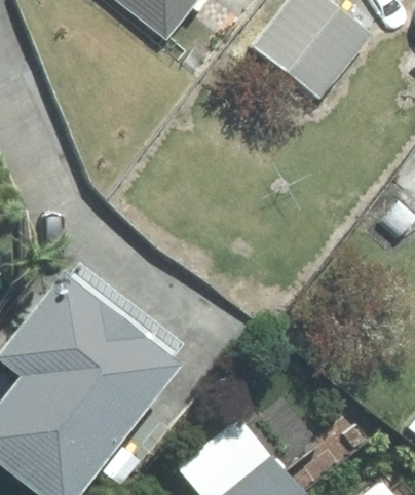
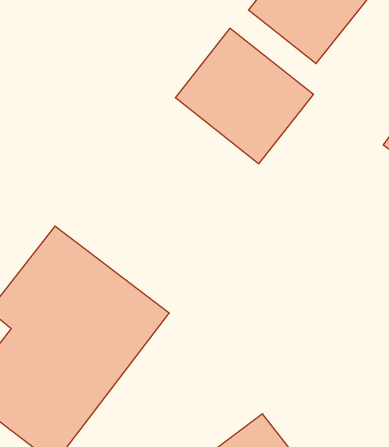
building: none -> [175,28,313,164]

